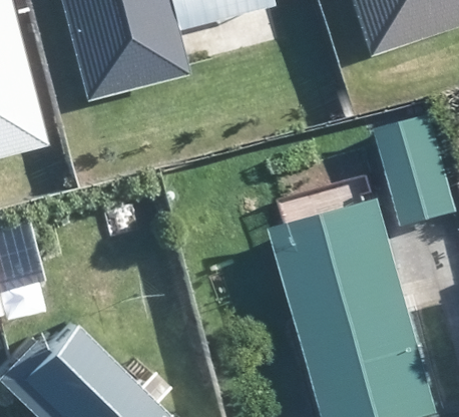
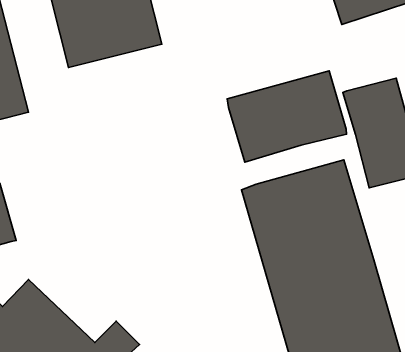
building: none -> [227,71,347,162]

